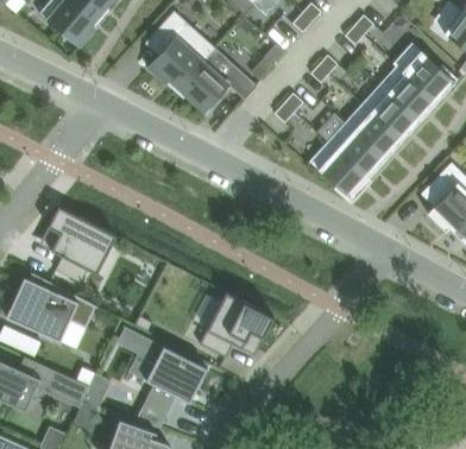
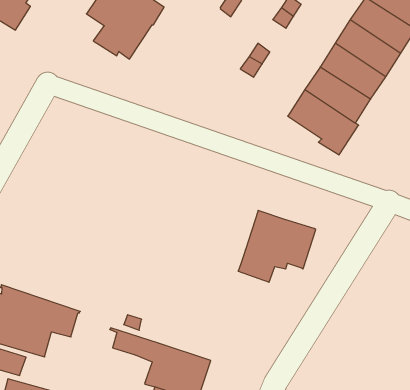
building: [176,48,257,115] -> none
building: [42,207,116,283] -> none
building: [199,292,273,358] -> [238,210,316,282]

